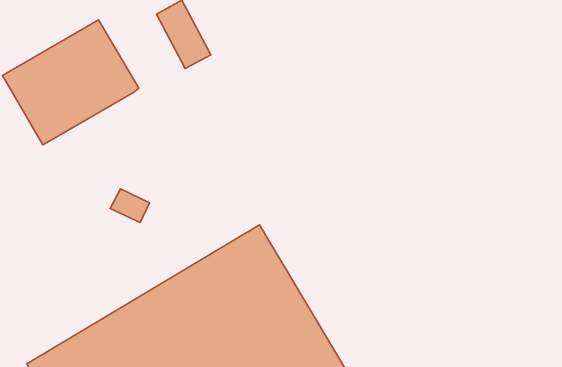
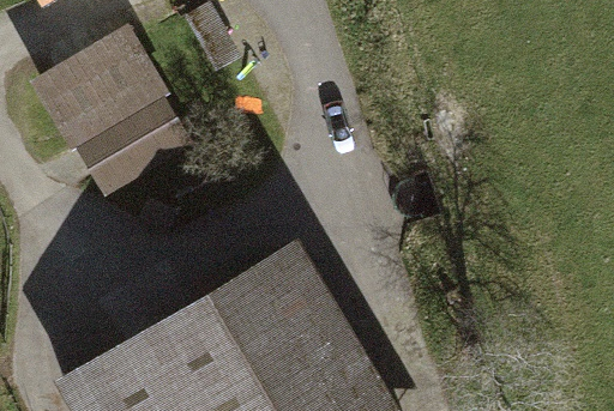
building: none -> [78,99,194,199]

